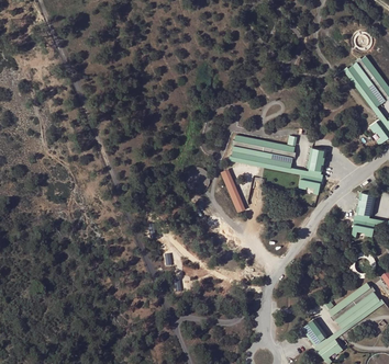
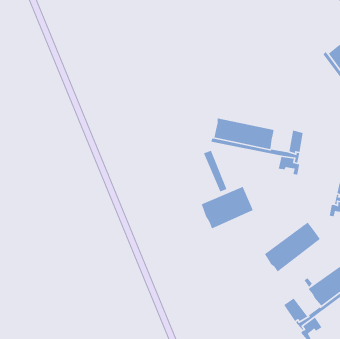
building: none -> [200,186,254,230]
building: none -> [263,221,321,273]

